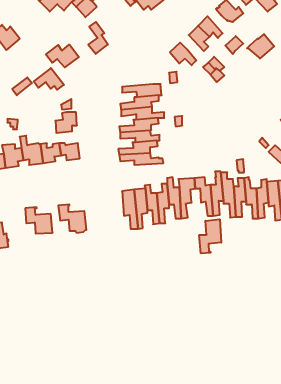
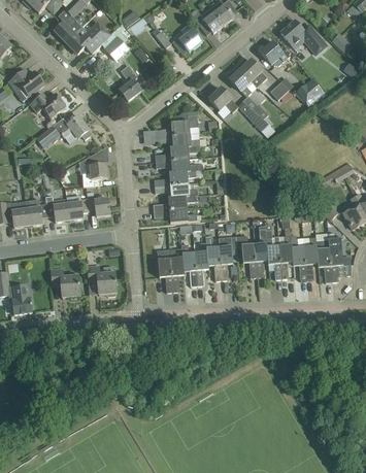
building: [46,45,79,67] -> [29,93,65,117]
building: none -> [155,114,198,136]
building: [199,219,221,253] -> none

